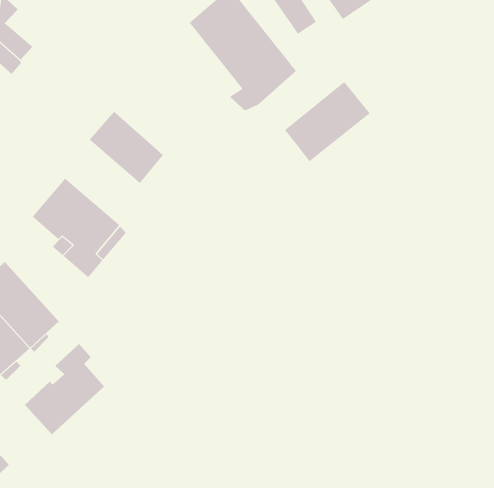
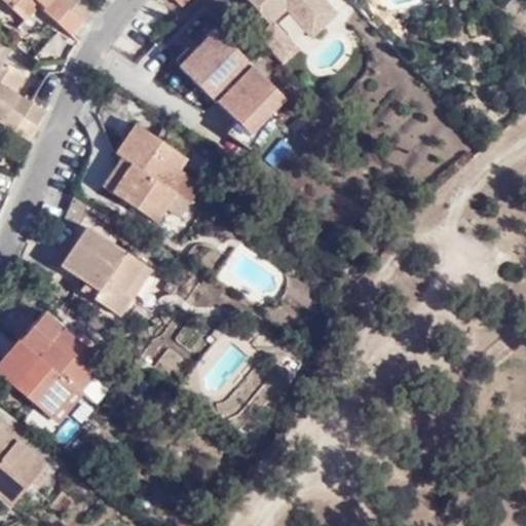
building: none -> [116,124,202,202]
building: [284,81,371,162] -> none
building: [24,343,105,435] -> none

